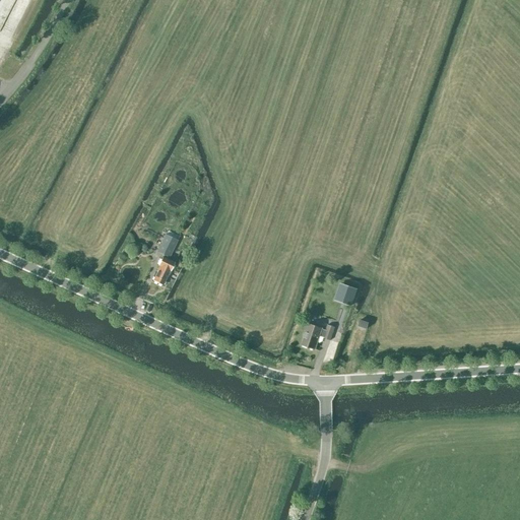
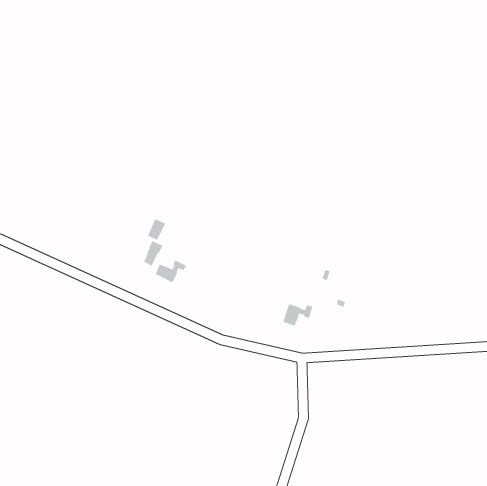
building: none -> [155,259,187,283]

